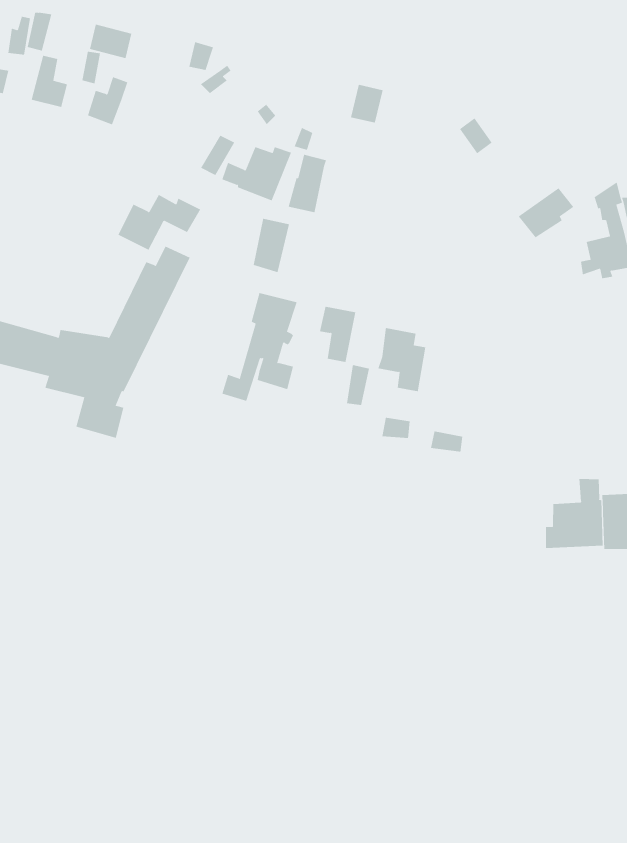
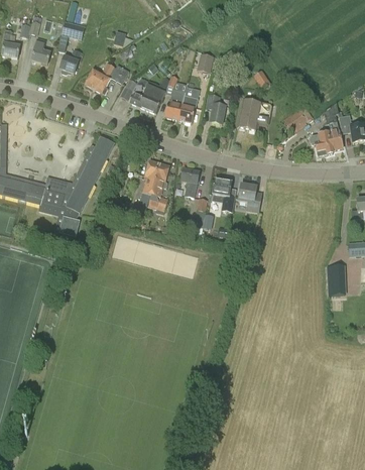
building: none -> [205,94,226,124]
building: none -> [237,100,271,130]
building: [118,194,201,251] -> [86,63,129,92]
building: [253,218,290,273] -> [178,95,198,123]
building: none -> [238,182,262,213]
building: [545,478,603,549] -> none

